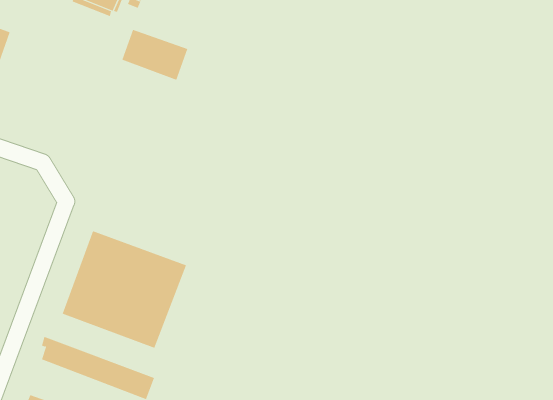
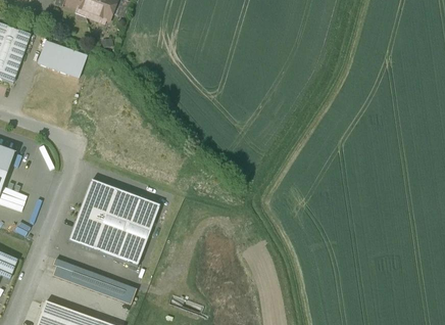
building: [121,29,188,81] -> [37,40,86,78]

